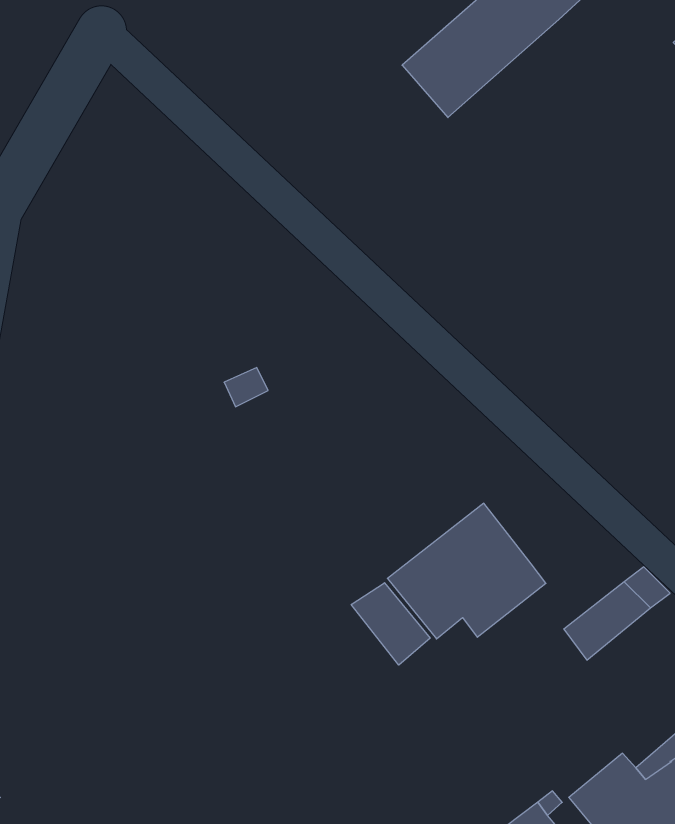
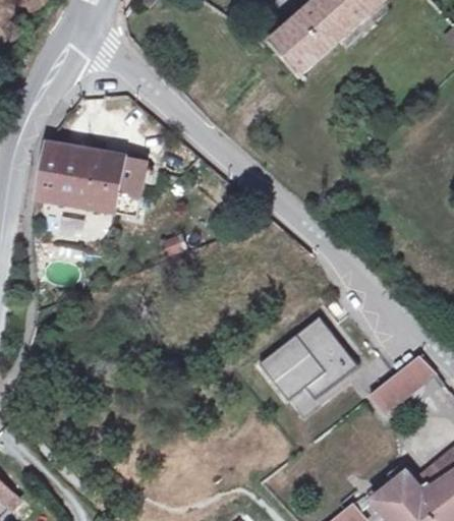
building: none -> [36,143,147,217]
building: [351,583,430,665] -> none

